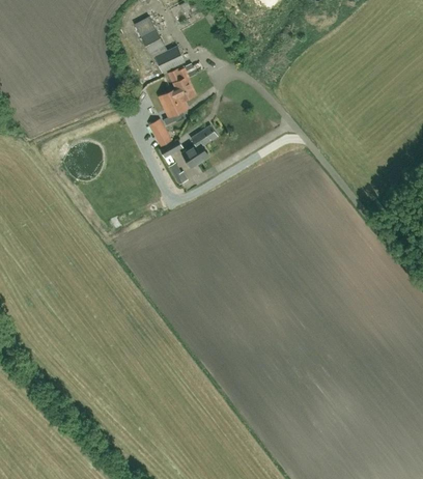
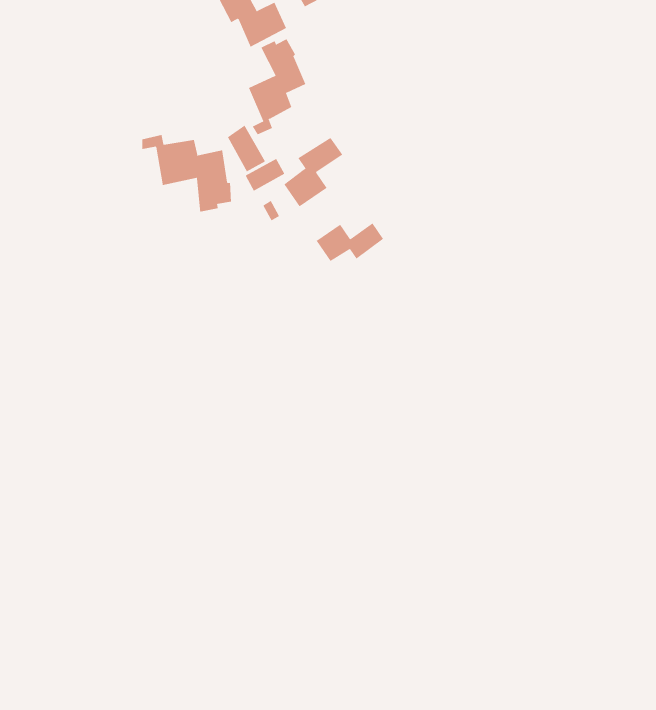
building: none -> [142,134,232,212]
building: none -> [316,223,384,262]

